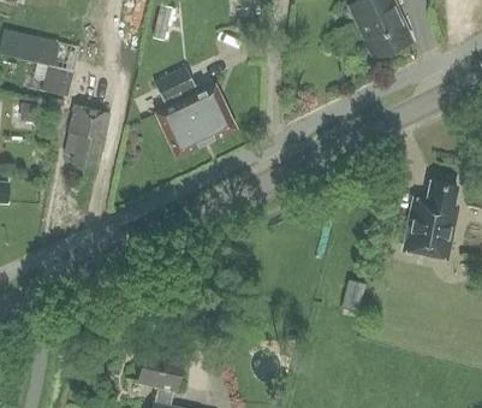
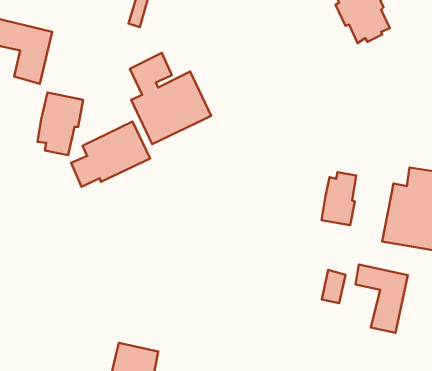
building: none -> [71,121,150,187]
building: none -> [322,172,356,225]
building: none -> [356,264,408,333]

